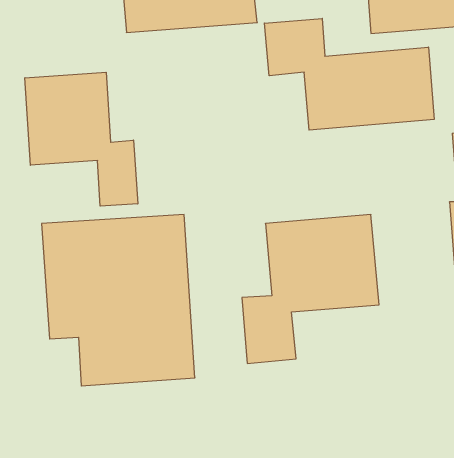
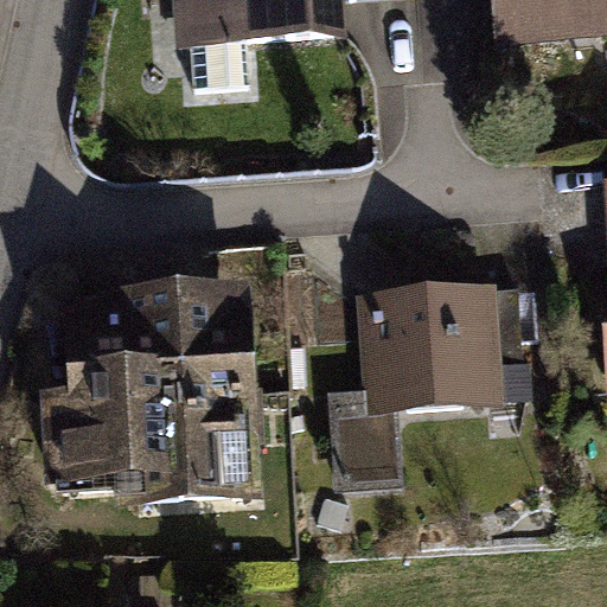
building: [264,18,434,130] -> none
building: [25,72,138,206] -> none

